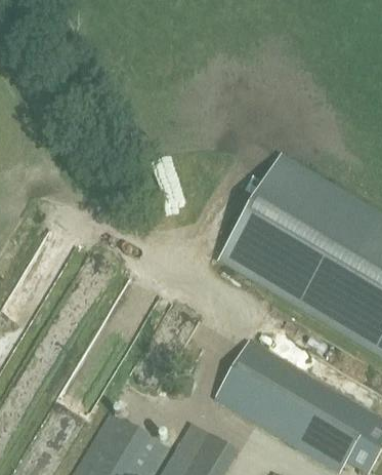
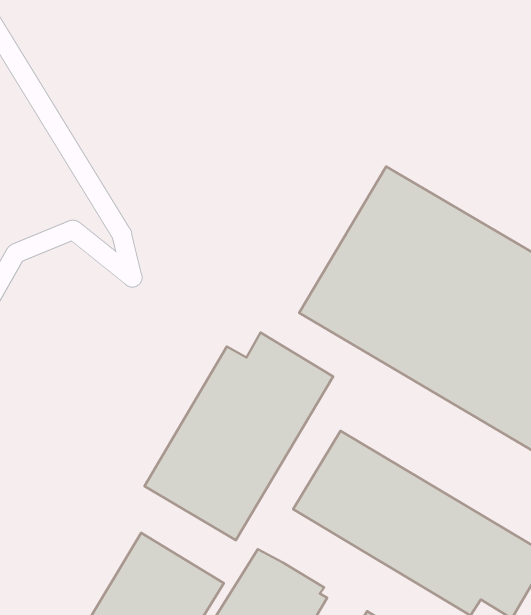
building: none -> [145,333,333,540]

